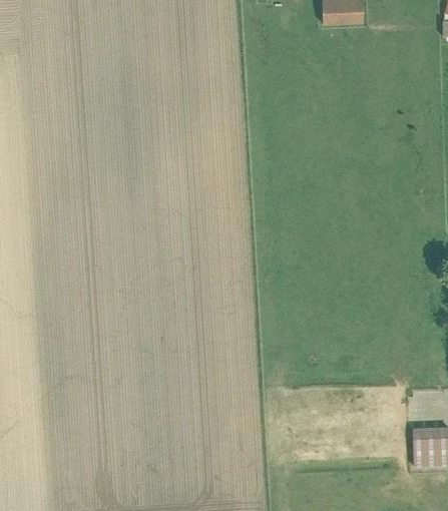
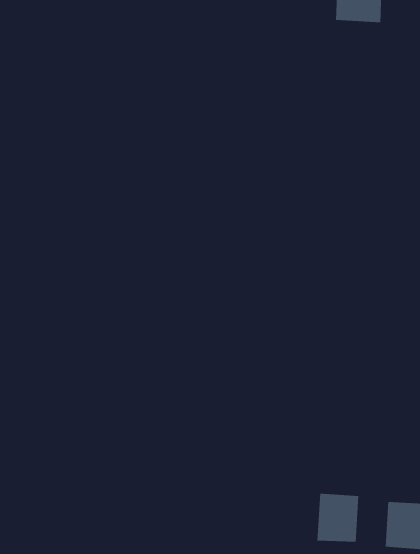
building: none -> [317,493,359,543]

